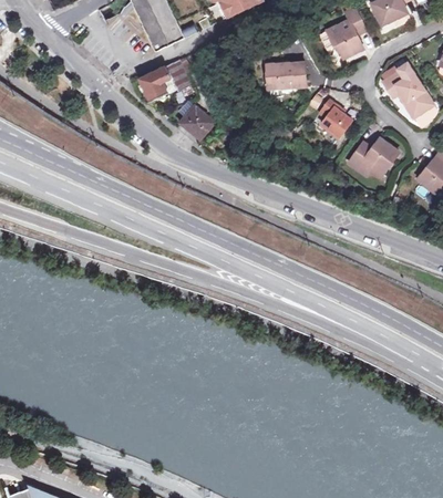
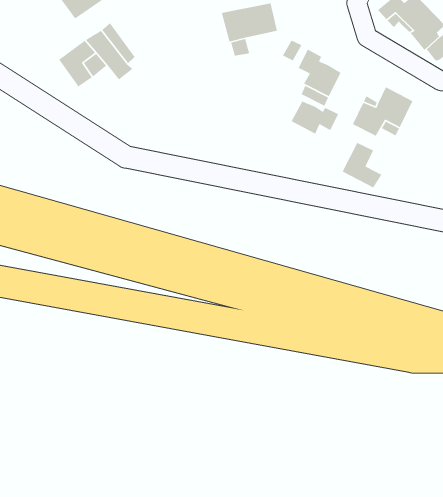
building: [178,104,210,137] -> none
building: none -> [291,100,339,134]
building: none -> [342,142,383,189]

